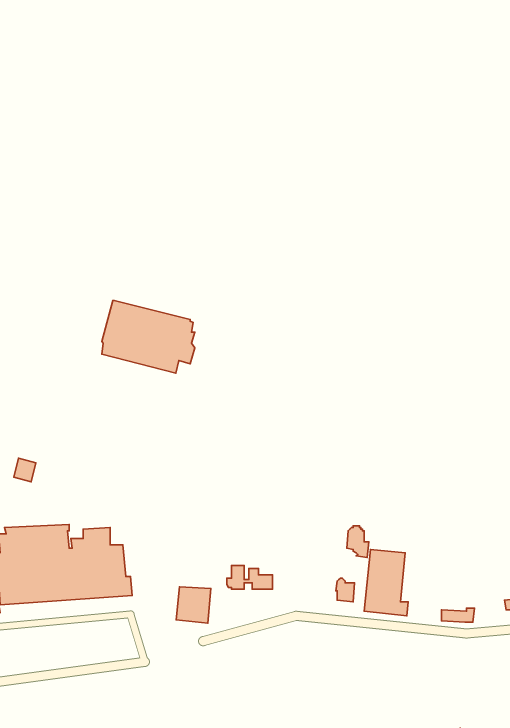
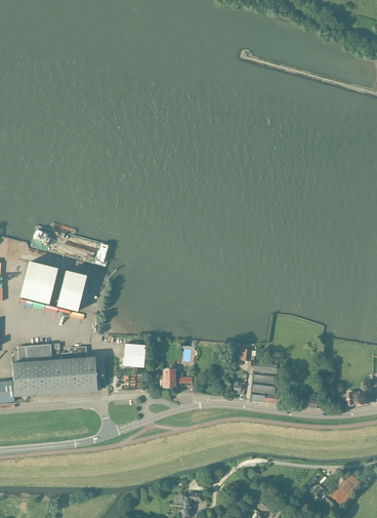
building: [102,301,195,373] -> [29,264,89,311]
building: [176,587,211,623] -> [123,344,145,367]

